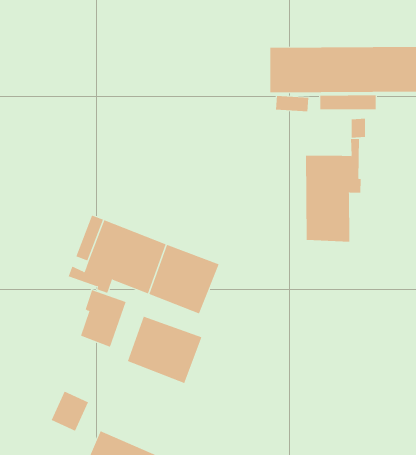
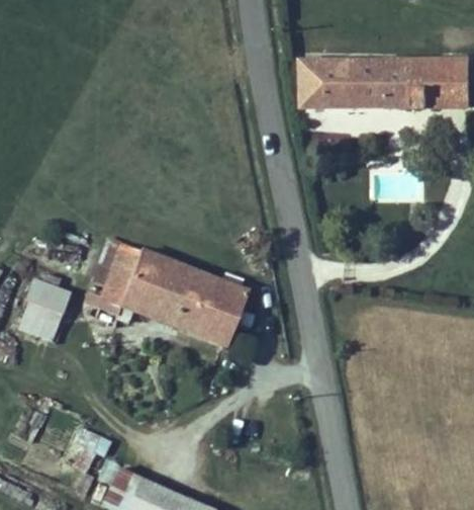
building: [306,138,361,242] -> none
building: [80,290,126,347] -> [20,279,70,341]
building: [127,316,202,384] -> none

